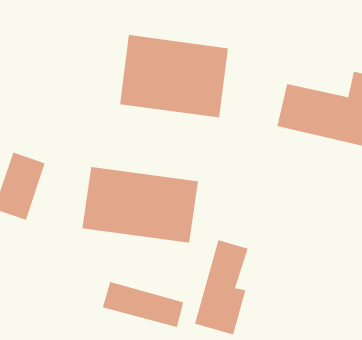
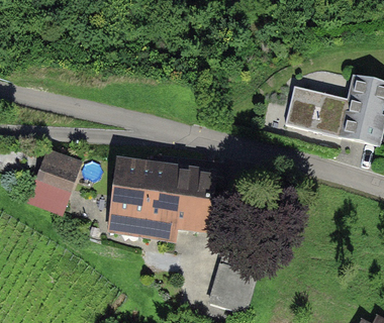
building: [120,34,228,118] -> none
building: [102,281,184,328] -> none

